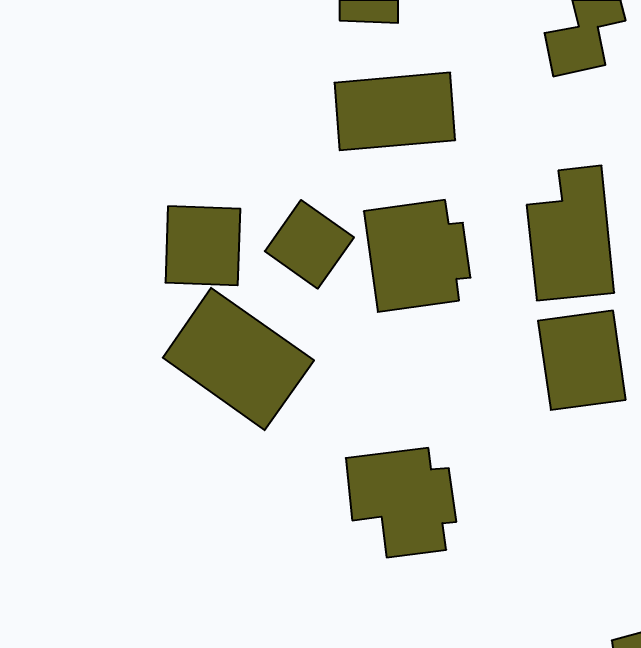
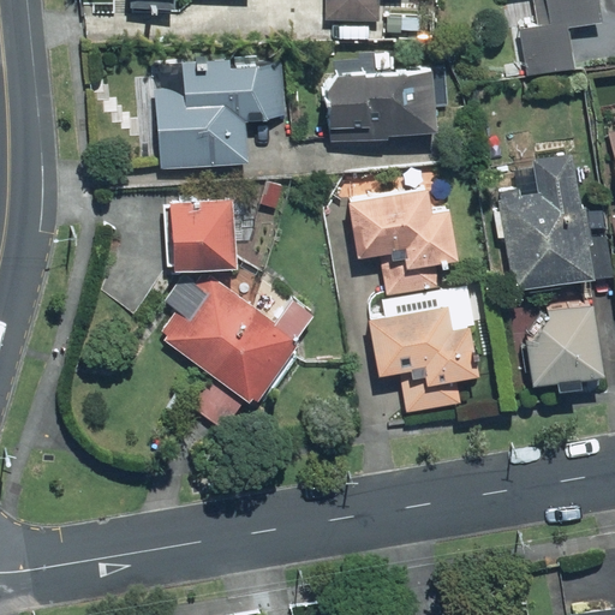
building: none -> [154,58,293,168]
building: [265,200,354,289] -> none
building: [346,448,456,557] -> [370,309,474,412]

